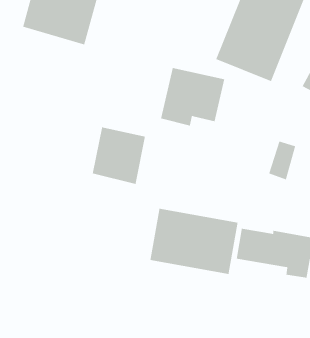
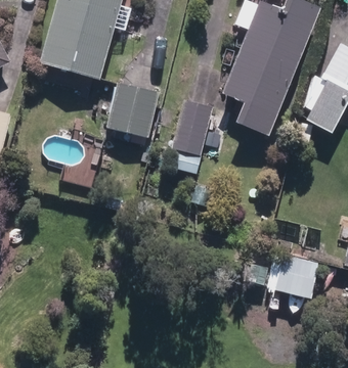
building: [92,127,146,185] -> [106,83,158,138]
building: [150,208,239,275] -> none

